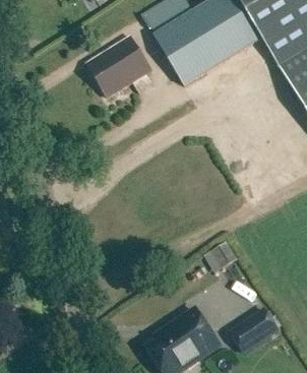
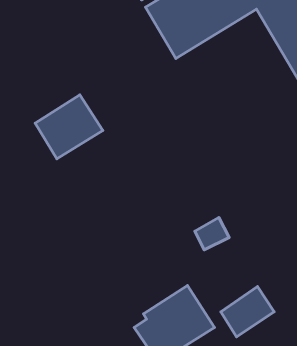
building: [86,35,152,97] -> [35,95,103,159]

